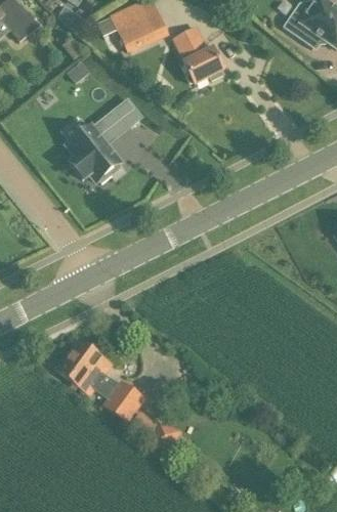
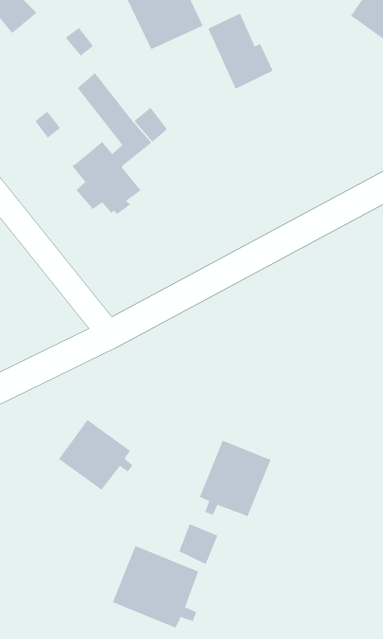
building: none -> [199,440,271,517]
building: [102,378,145,422] -> none
building: none -> [112,545,199,629]

